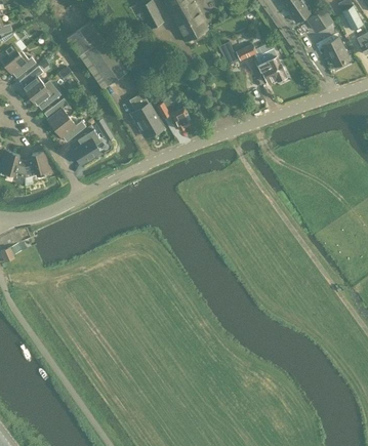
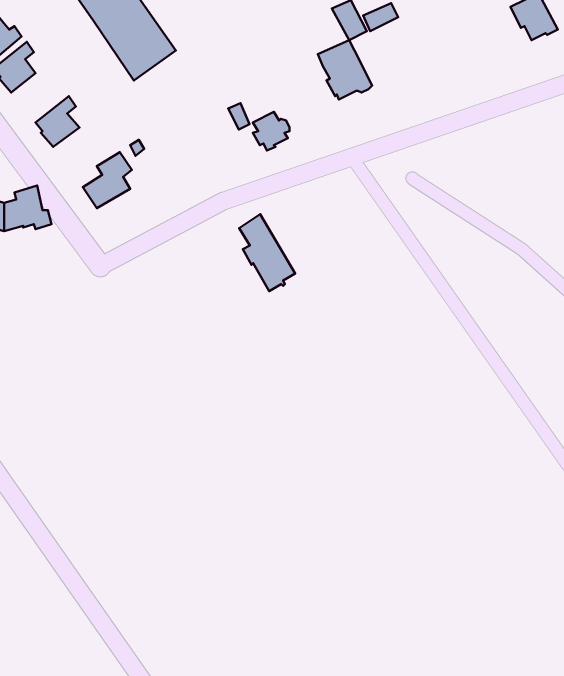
building: [254,49,286,84] -> [318,40,372,100]
building: [30,81,62,111] -> none
building: [129,92,162,137] -> [239,214,295,291]
building: [54,117,86,143] -> none

